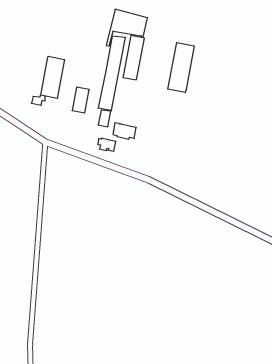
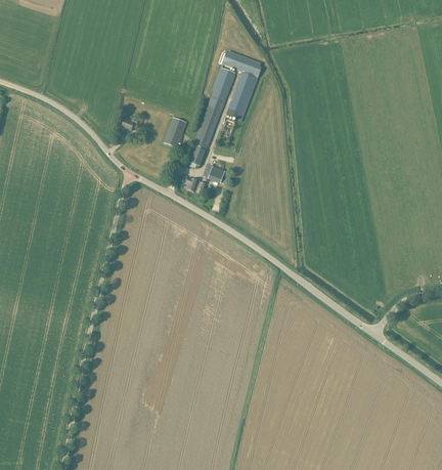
building: [168,42,194,93] -> none
building: [41,56,65,98] -> none

